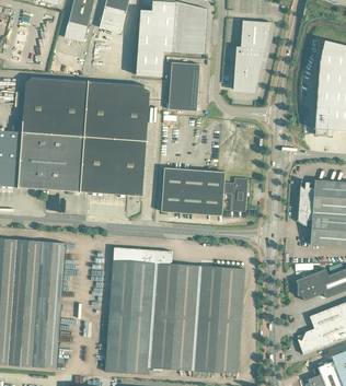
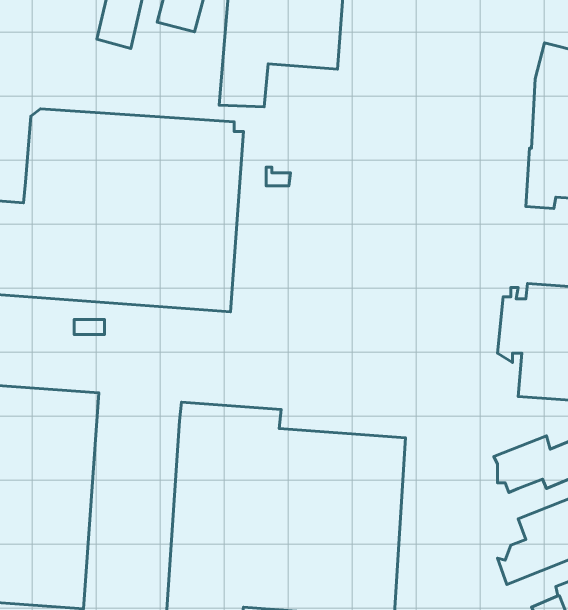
building: [233,21,272,91] -> none
building: [168,62,199,112] -> none
building: [160,167,247,215] -> none

